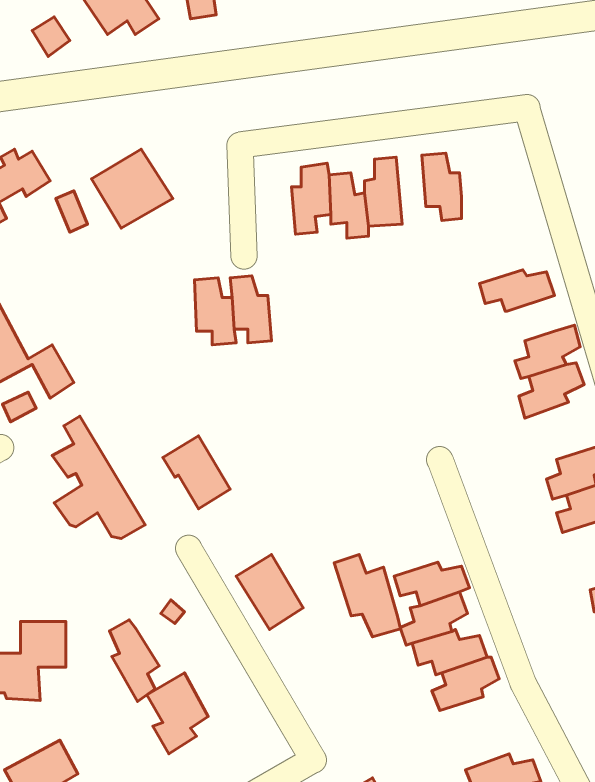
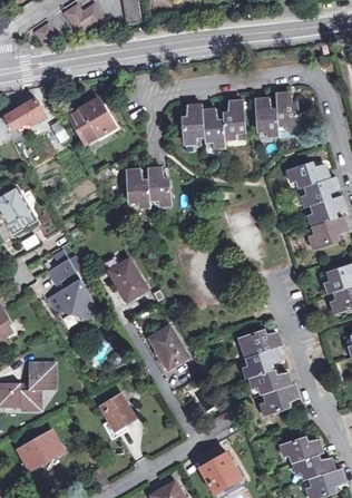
building: none -> [274,94,296,131]
building: none -> [301,177,338,207]
building: [334,554,401,637] -> none
building: [110,620,159,701] -> none

